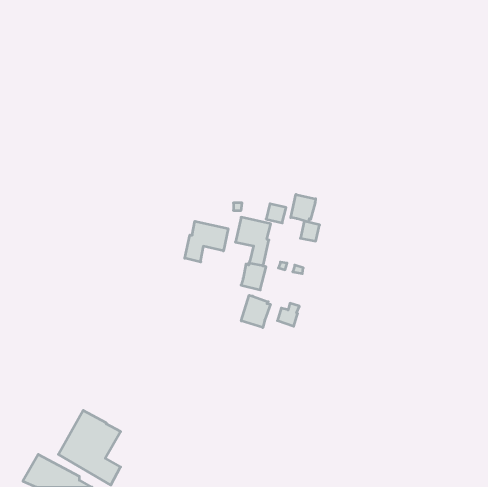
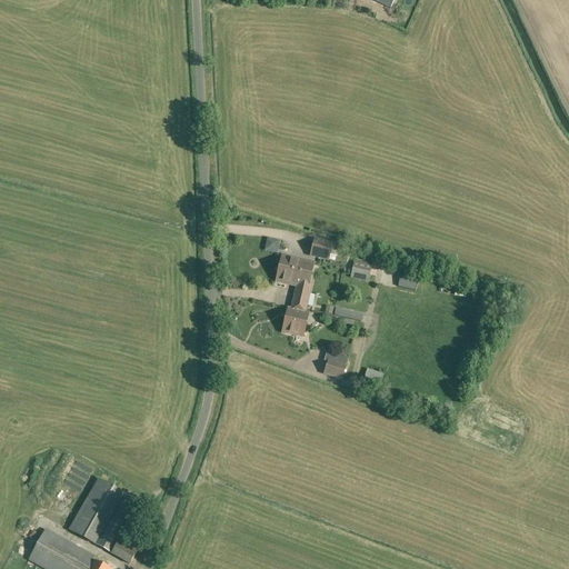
building: [291,194,316,222] -> none
building: [185,221,228,262] -> none
building: [241,295,270,328] -> none

